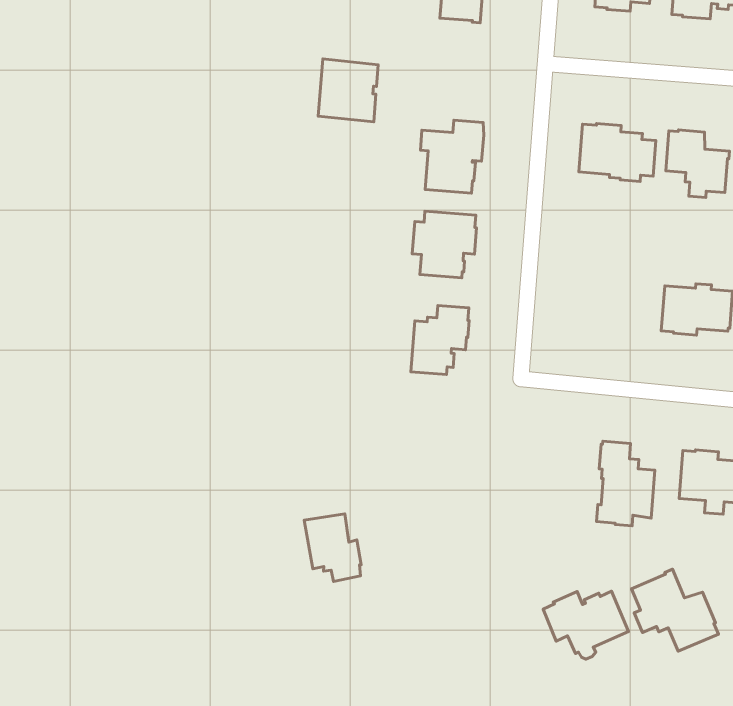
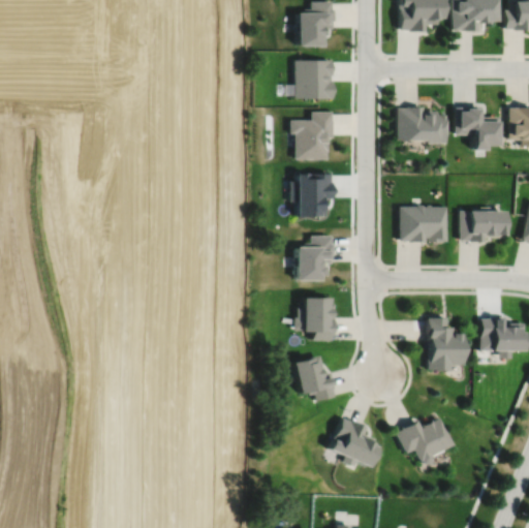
building: [318,59,378,122] -> [295,59,333,98]
building: none -> [399,205,447,243]
building: none -> [295,298,334,341]
building: [304,514,361,581] -> [293,356,334,402]
building: [631,569,718,651] -> none
building: none -> [330,420,378,464]

